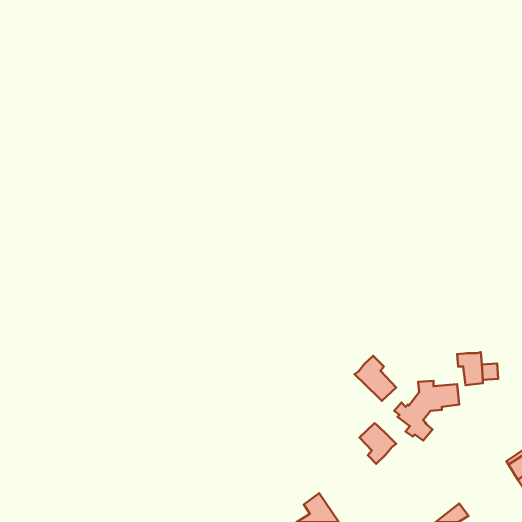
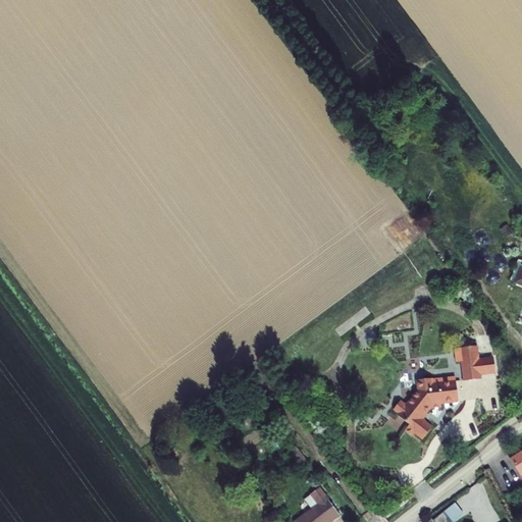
building: [355,356,396,401] -> none
building: [359,423,396,464] -> none

